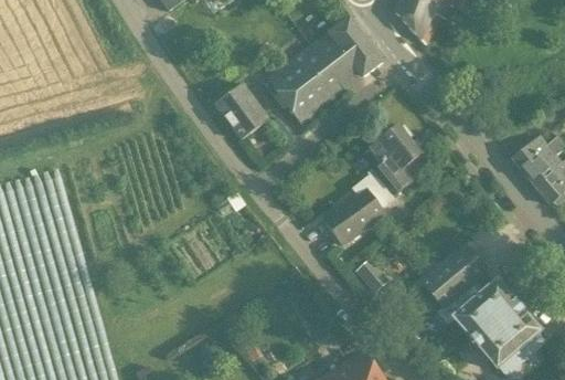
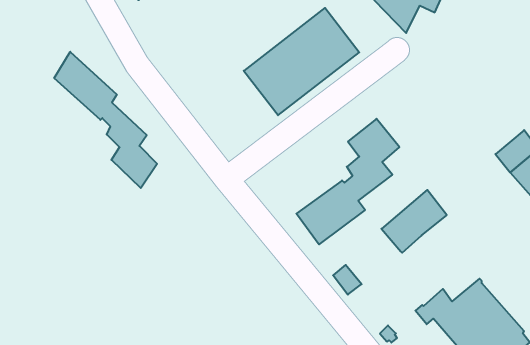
building: none -> [54,52,157,188]
building: [214,82,270,140] -> none
building: [424,245,487,306] -> [381,190,447,253]

